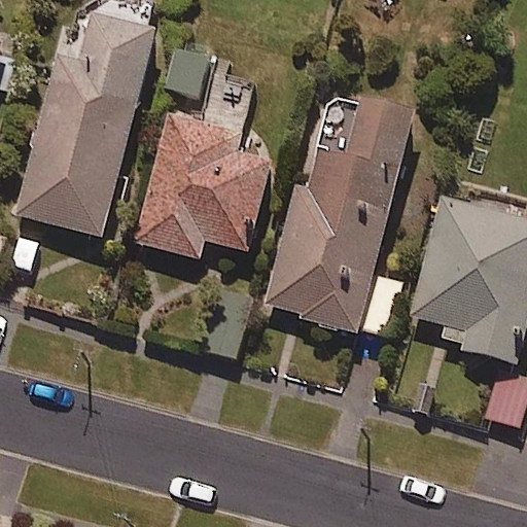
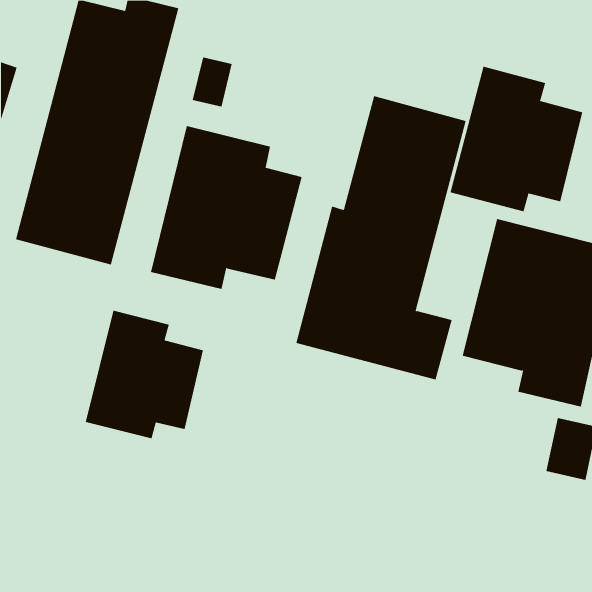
building: none -> [450,66,583,212]
building: none -> [85,310,203,439]

